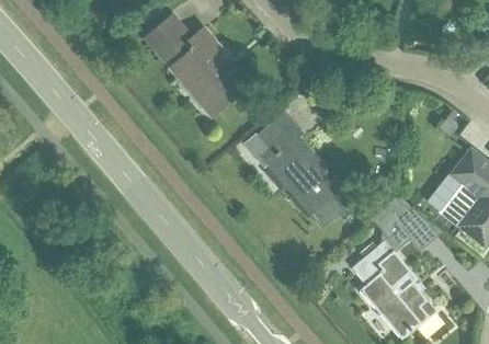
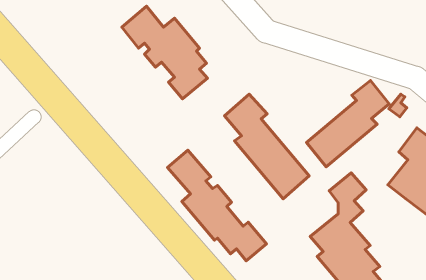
building: none -> [307,80,389,167]
building: none -> [168,150,267,261]

